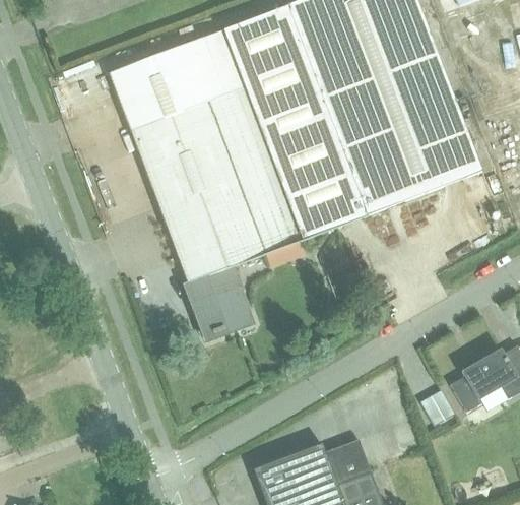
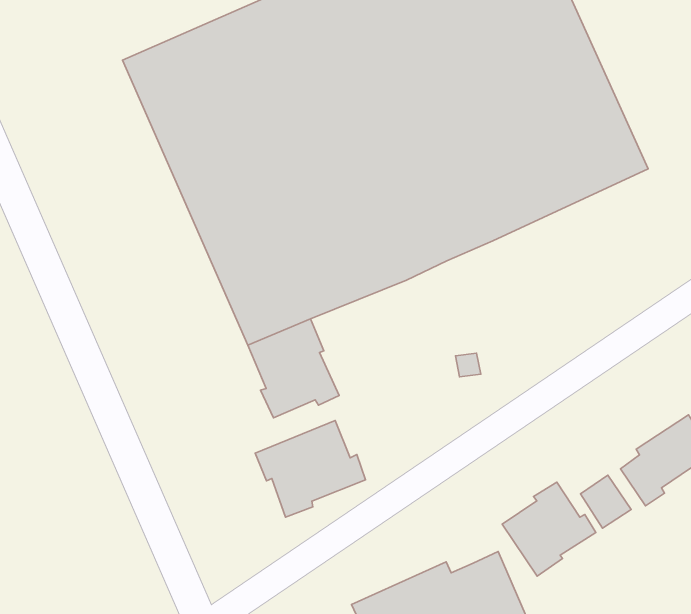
building: none -> [255,420,365,517]
building: none -> [502,482,596,576]

